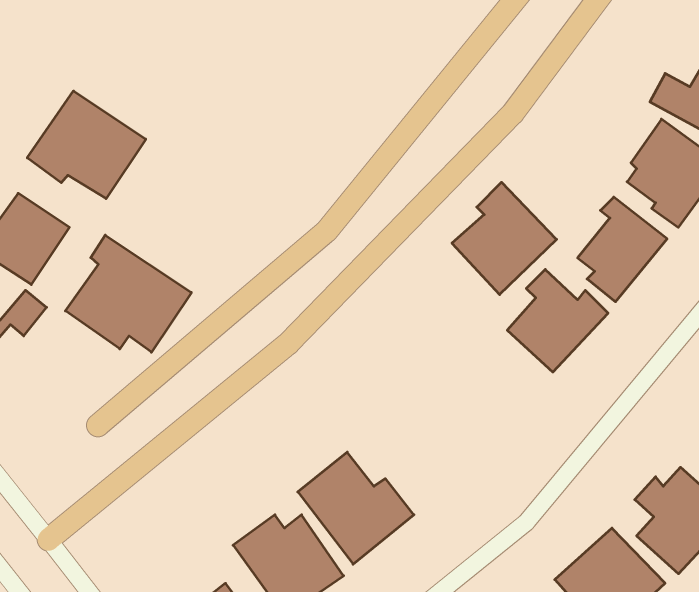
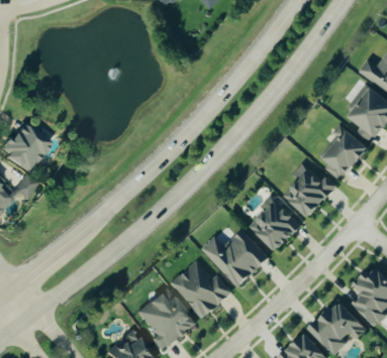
building: [27,91,146,199] -> none
building: [452,182,557,295] -> [249,194,304,253]
building: [65,235,191,352] -> none
building: none -> [202,229,269,287]

